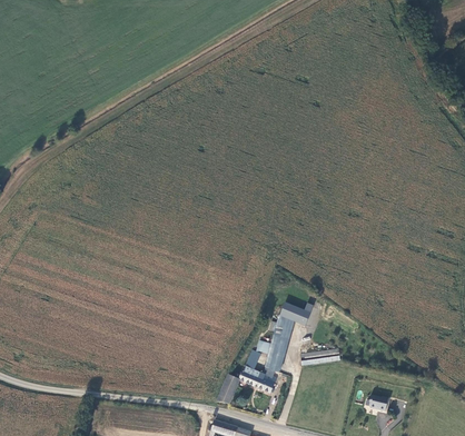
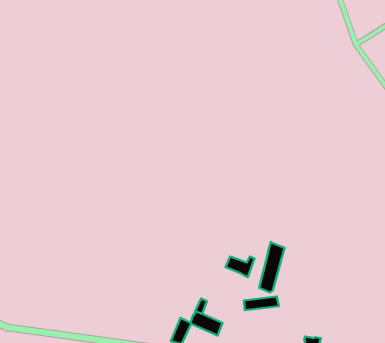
building: [265,314,294,371] -> [259,242,285,293]

